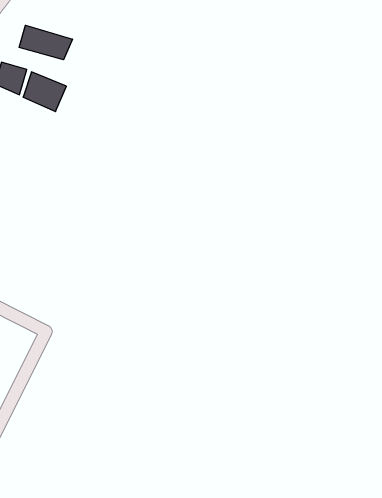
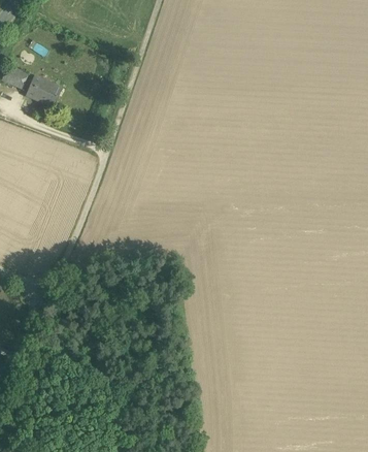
building: [19,25,72,60] -> none

